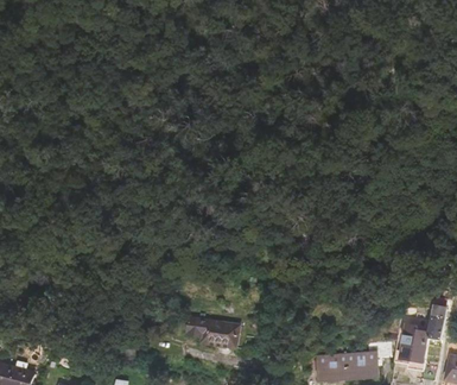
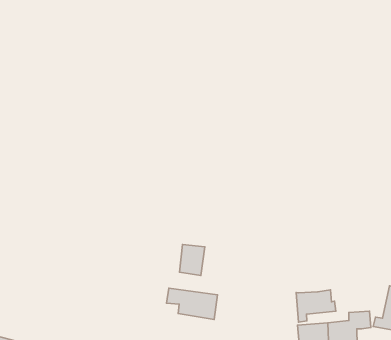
building: none -> [179,244,205,276]
building: none -> [296,290,336,322]

